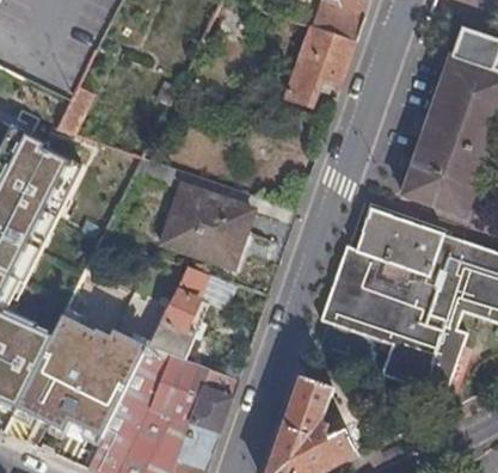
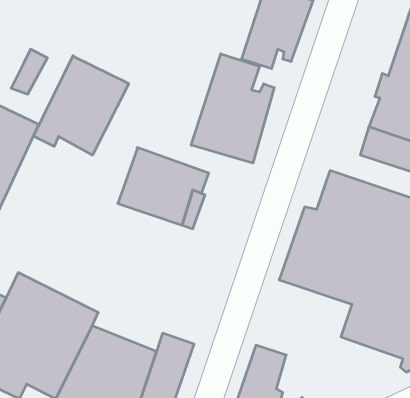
building: none -> [191,54,274,163]
building: none -> [33,56,129,155]
building: [143,266,210,358] -> none

